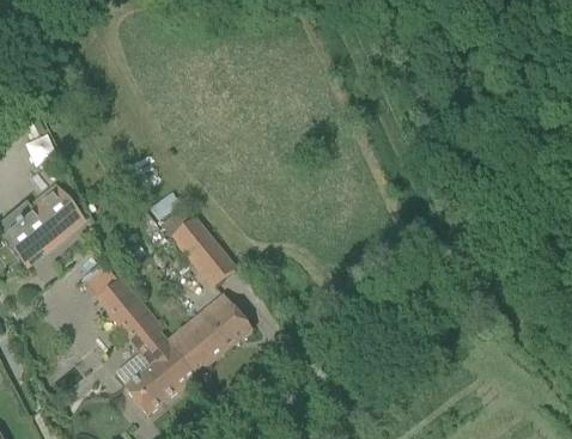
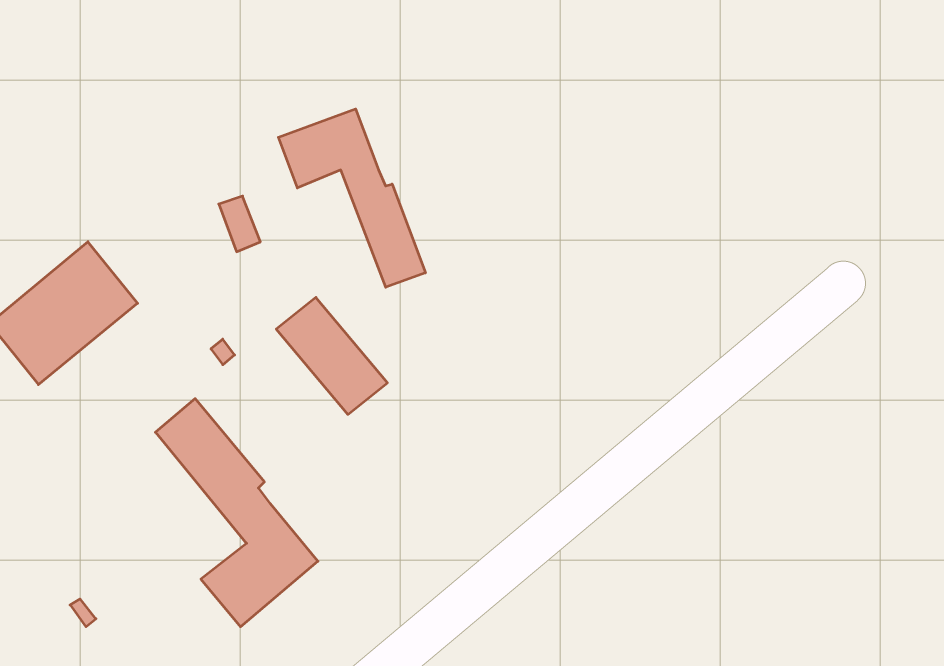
building: none -> [278,109,425,287]
building: [164,291,250,373] -> none

